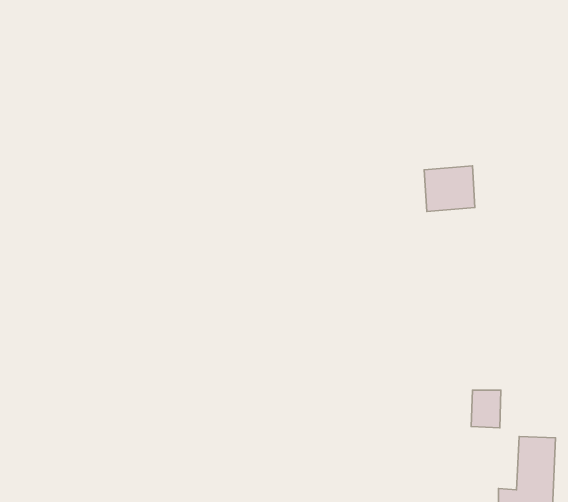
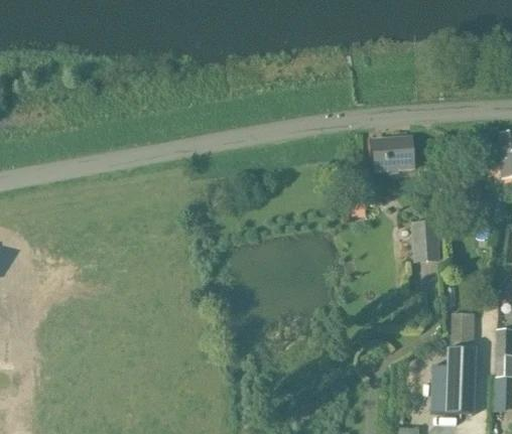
building: none -> [411,220,438,262]
building: [471,390,501,428] -> [450,311,473,340]

